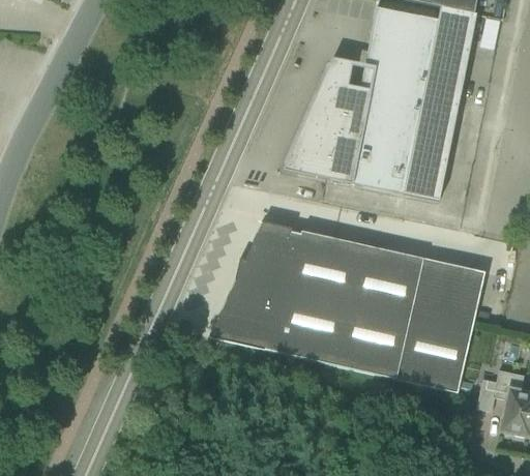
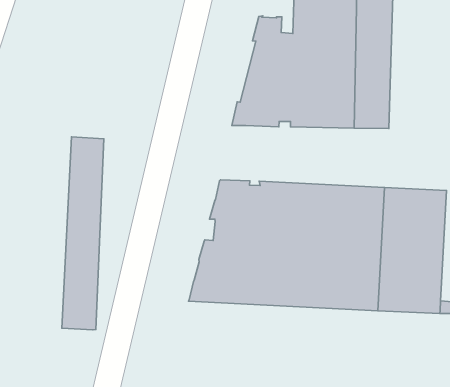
building: none -> [62,137,104,330]

